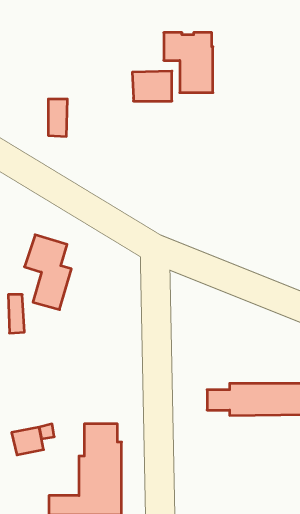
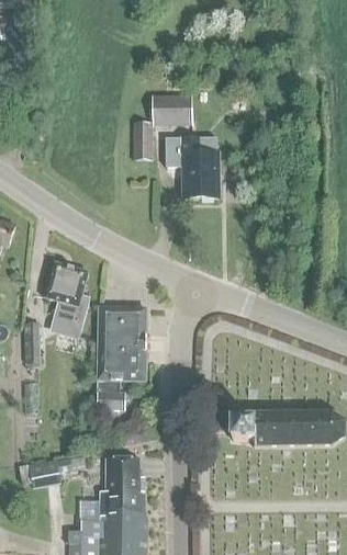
building: [164,33,213,93] -> [168,136,219,197]
building: [48,99,67,136] -> [134,121,154,159]
building: none -> [96,308,145,409]

